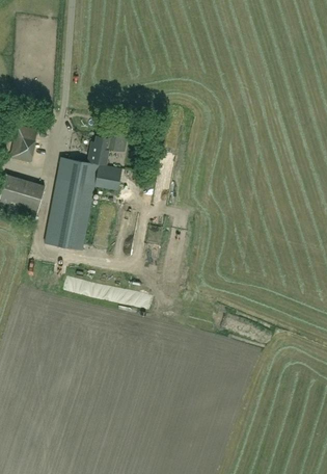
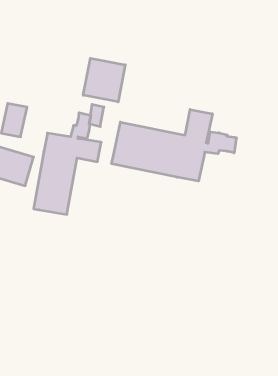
building: none -> [83,58,125,102]
building: none -> [112,109,236,181]

